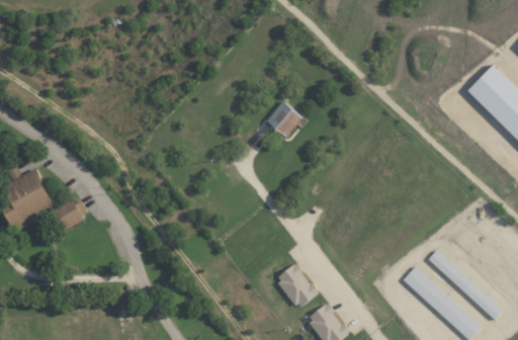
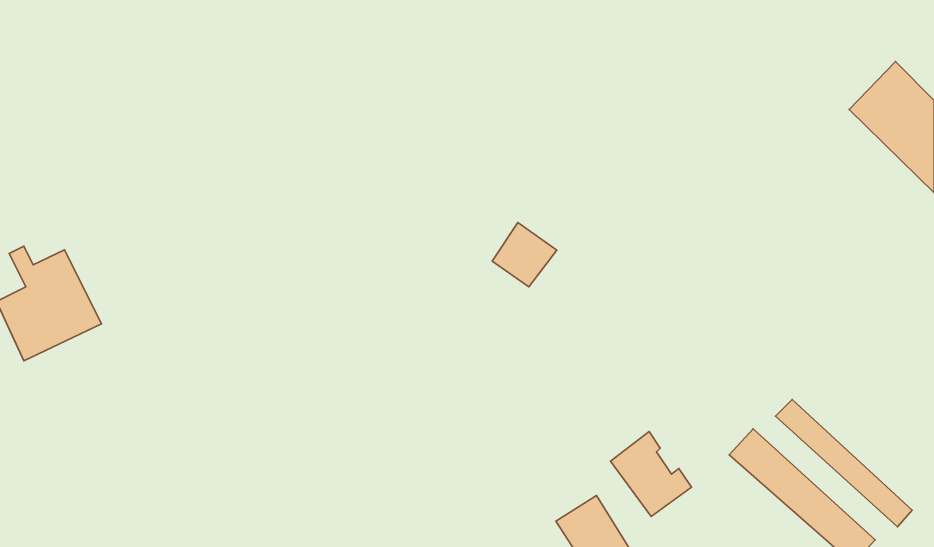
building: [268,100,304,136] -> [492,222,557,287]
building: [52,197,85,231] -> none
building: [276,262,321,309] -> [610,432,692,517]

